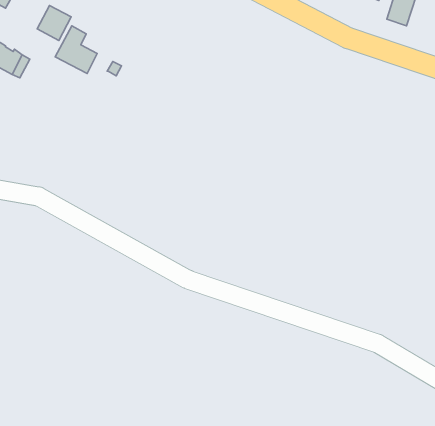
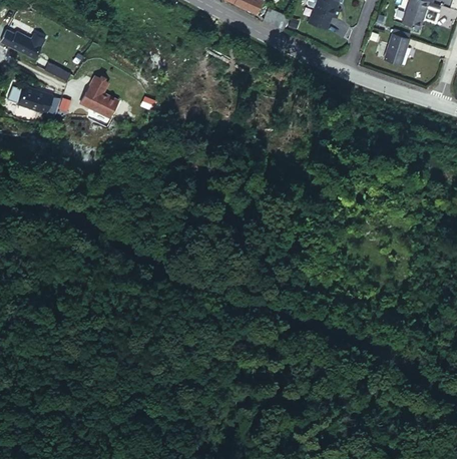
building: [37,5,71,40] -> none

